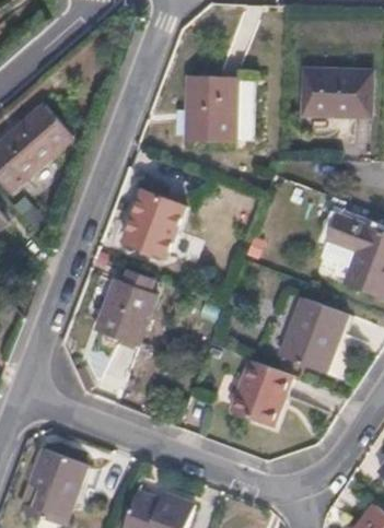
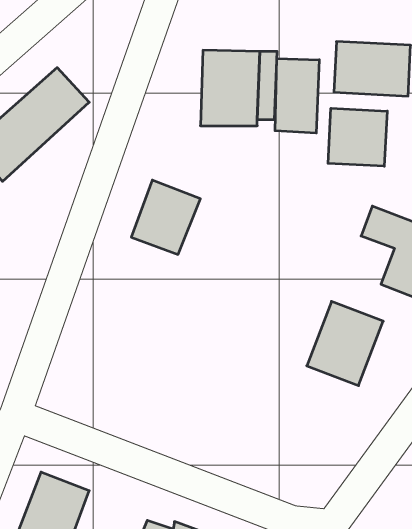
building: none -> [275,58,319,133]
building: none -> [328,108,387,166]
building: [95,279,156,345] -> none
building: [232,360,295,427] -> none

